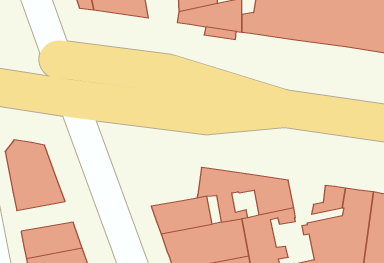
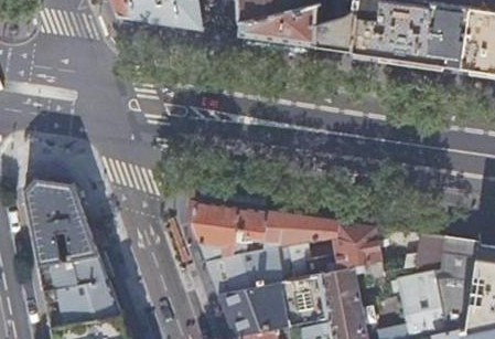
building: none -> [191,187,269,258]
building: none -> [40,253,109,289]

